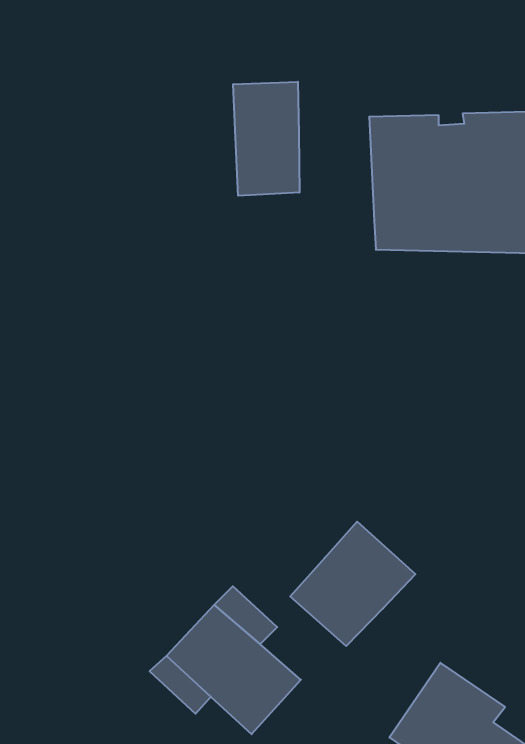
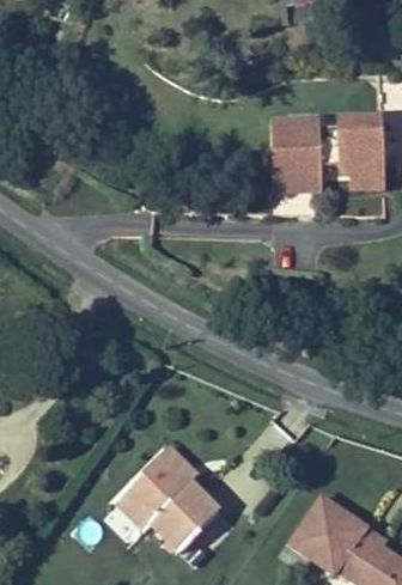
building: [233,82,299,196] -> none
building: [290,522,415,646] -> none

